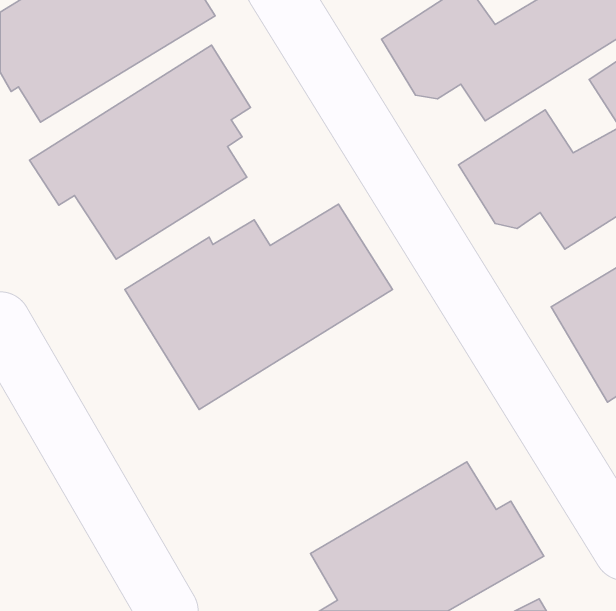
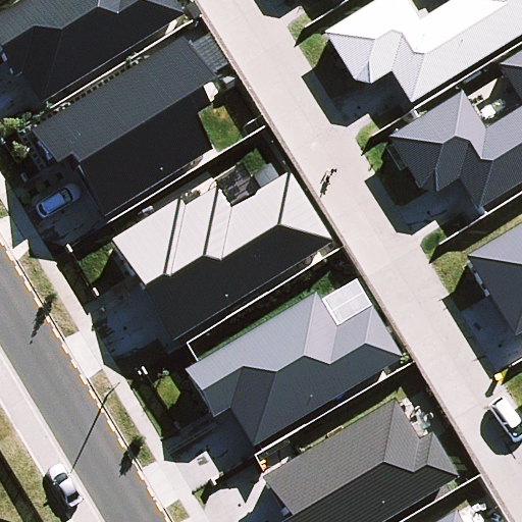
building: none -> [185,291,404,446]

